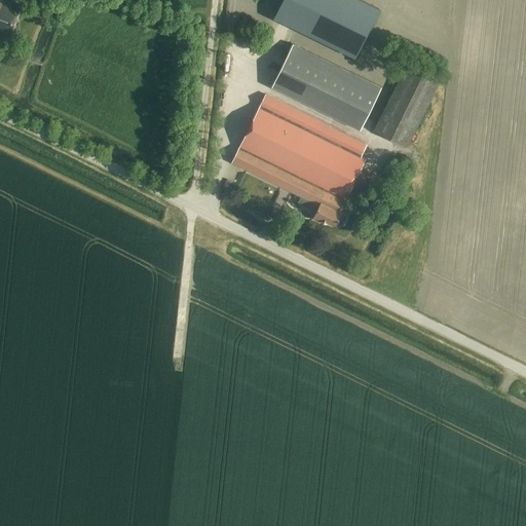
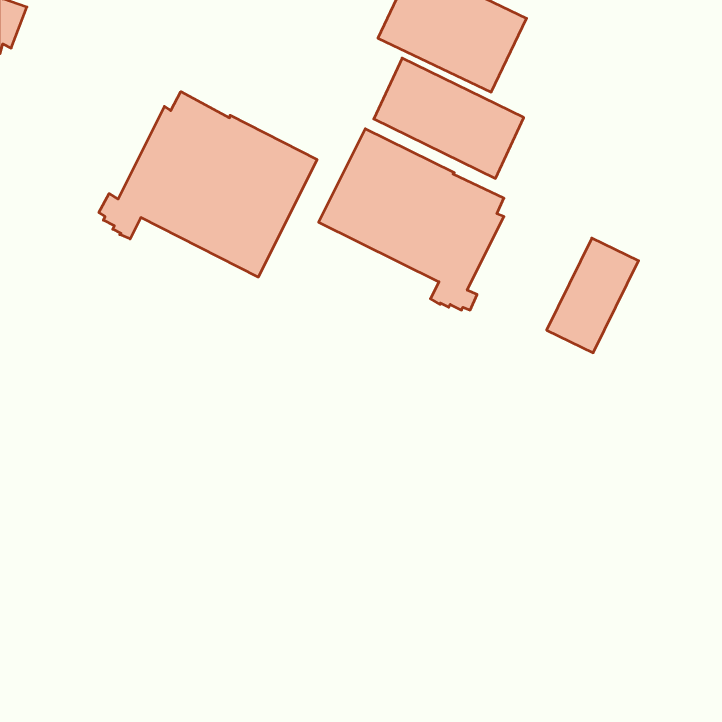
building: [373,63,440,146] -> [547,238,639,353]
building: none -> [99,92,317,277]

